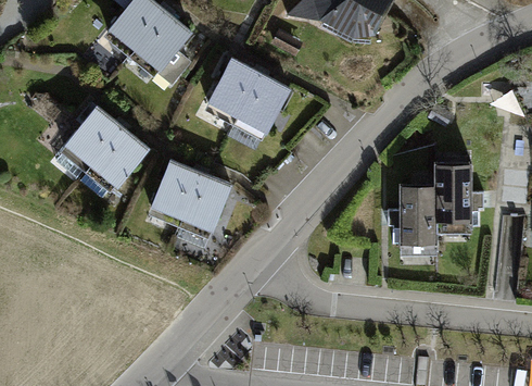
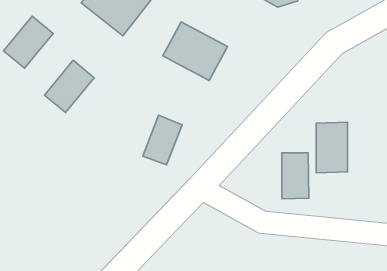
building: [86,127,148,192] -> [4,16,53,68]
building: [153,163,202,225] -> none
building: [438,164,471,222] -> [282,153,309,199]

